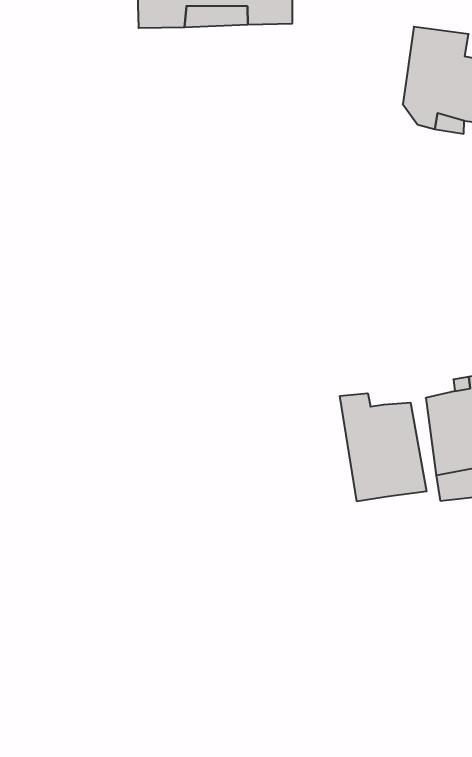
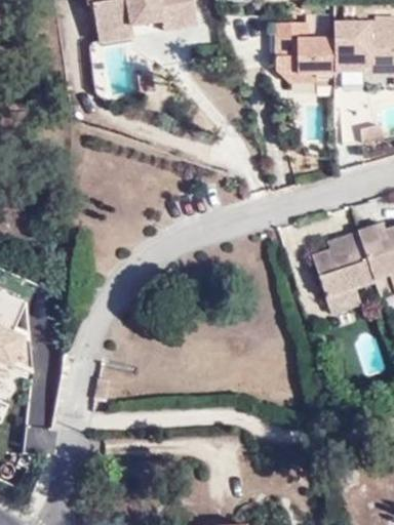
building: [340,393,427,501] -> none

